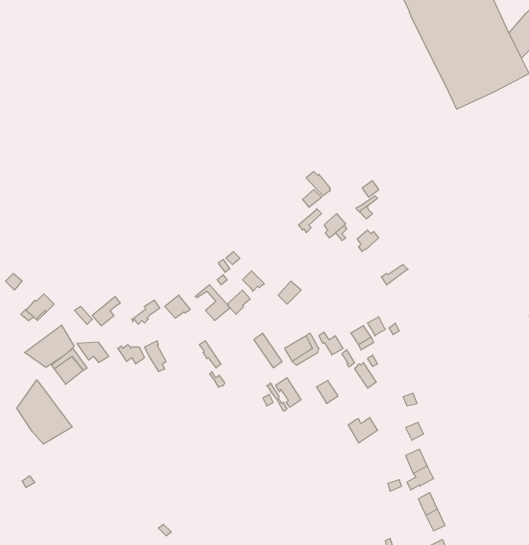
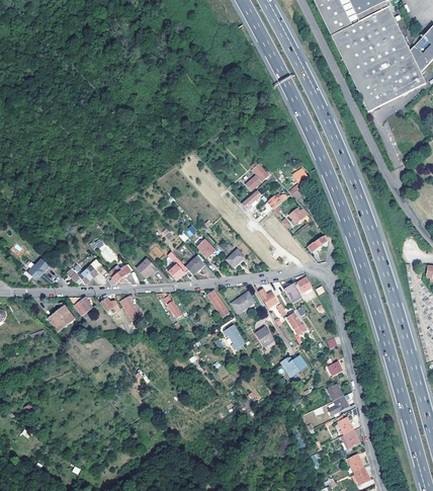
building: [25,325,74,368] -> none
building: [17,380,72,444] -> none

